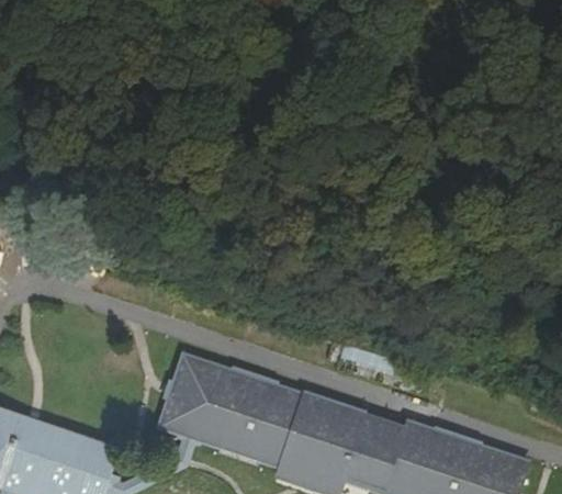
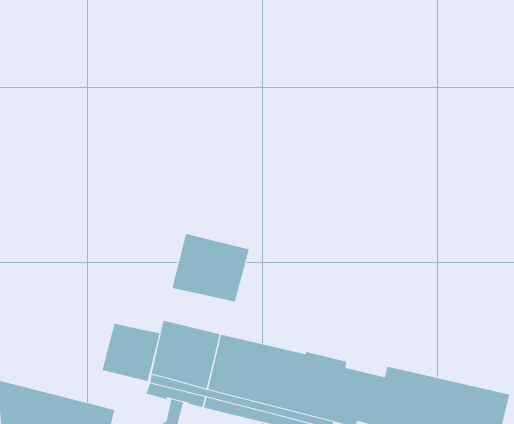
building: none -> [172,233,250,303]
building: none -> [102,323,160,382]

